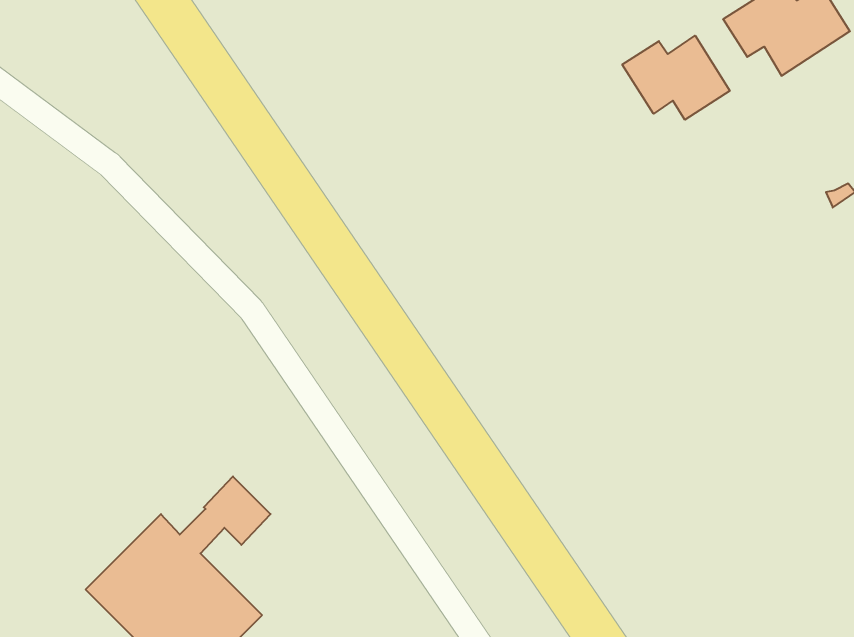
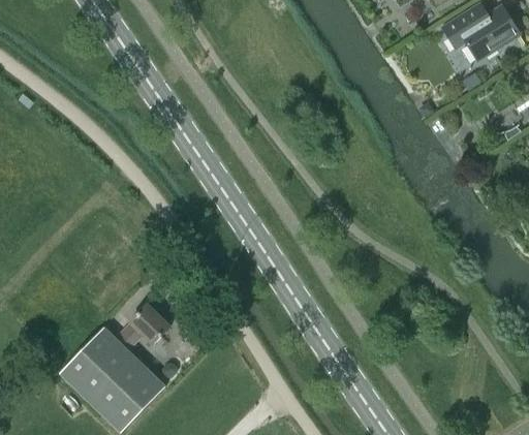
building: [622,36,730,120] -> none

